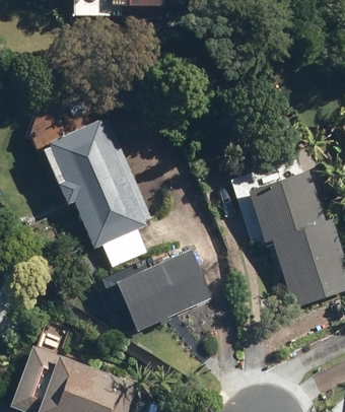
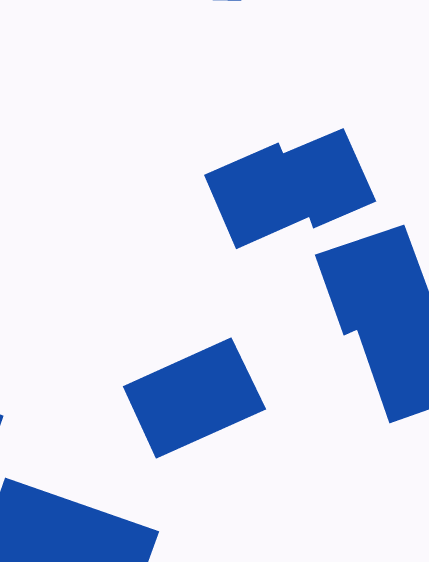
building: none -> [203,127,377,250]
building: [42,117,156,267] -> none

